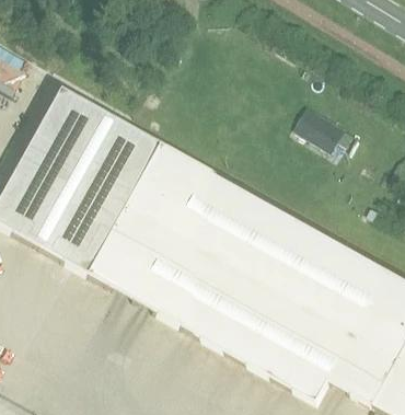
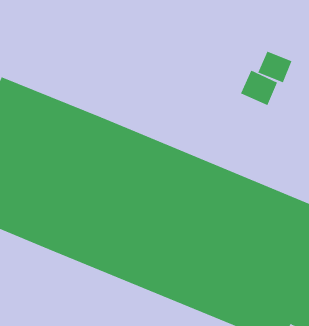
building: none -> [258,51,292,83]

